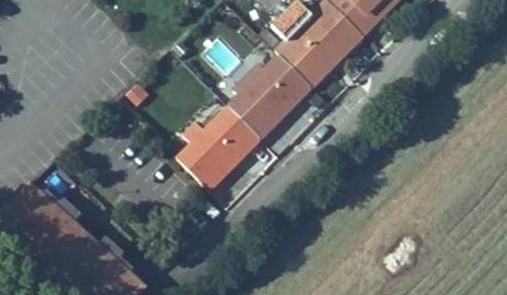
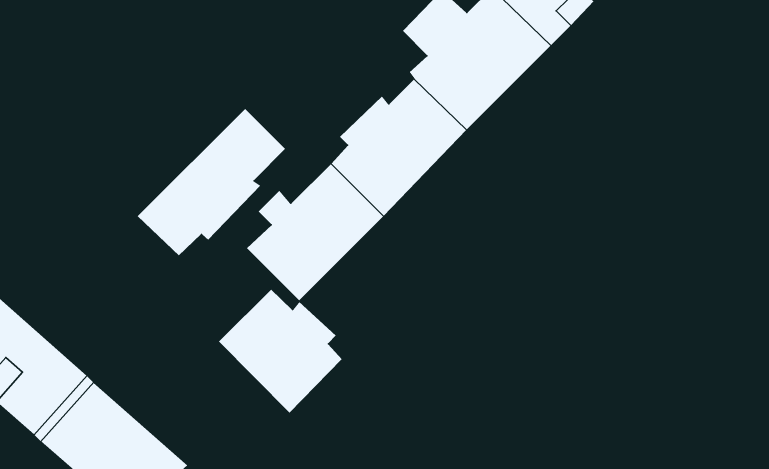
building: none -> [137,108,286,256]
building: none -> [218,289,343,414]

